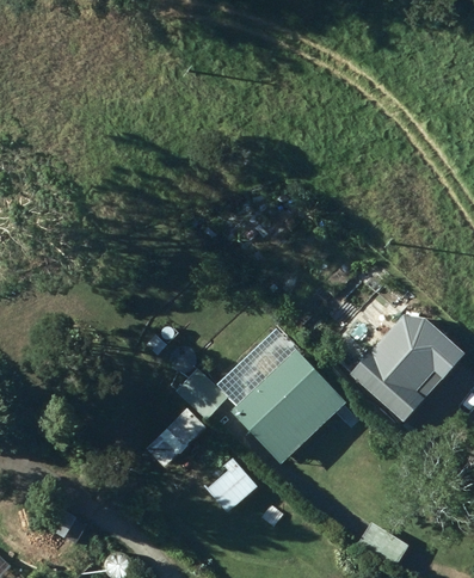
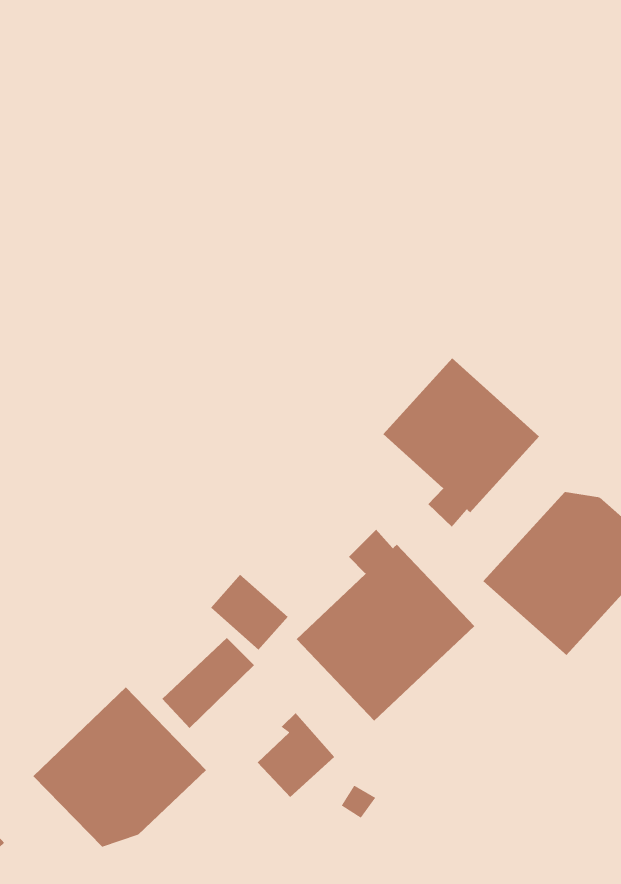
building: none -> [382,358,540,528]
building: none -> [32,687,207,847]

